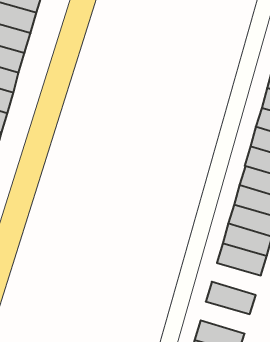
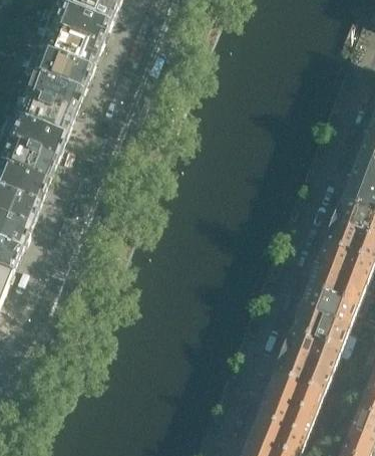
building: none -> [275,352,332,393]
building: none -> [258,395,315,436]

